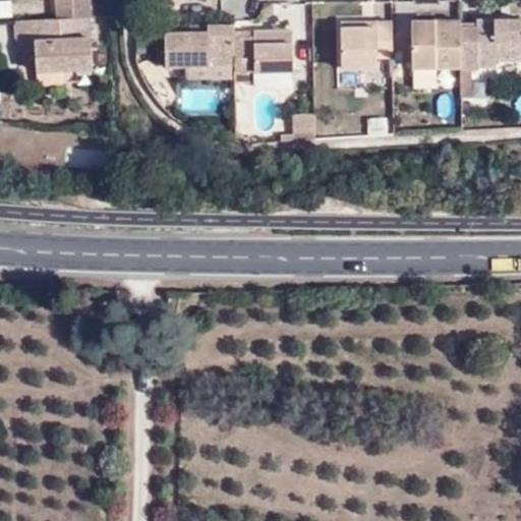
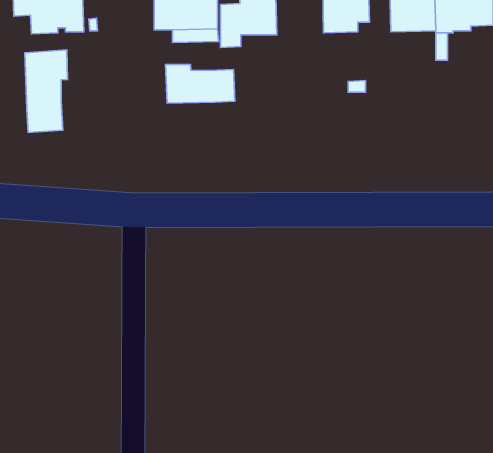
building: none -> [25,50,67,132]
building: none -> [165,64,235,103]

